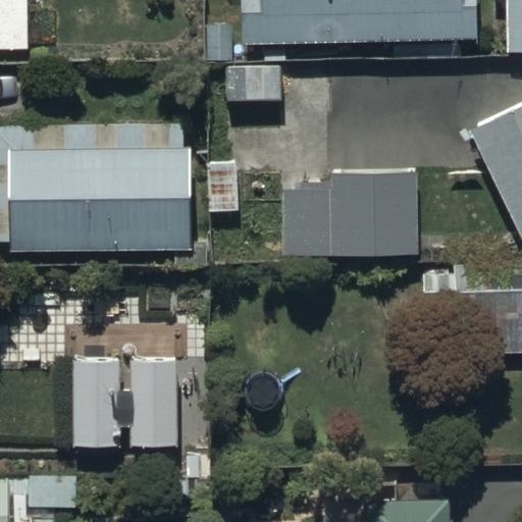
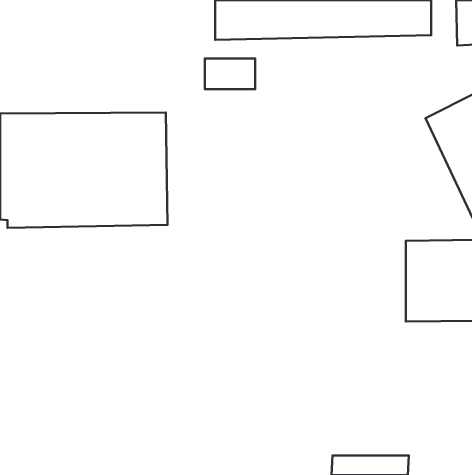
building: [281,171,419,257] -> none
building: [76,357,184,448] -> none

